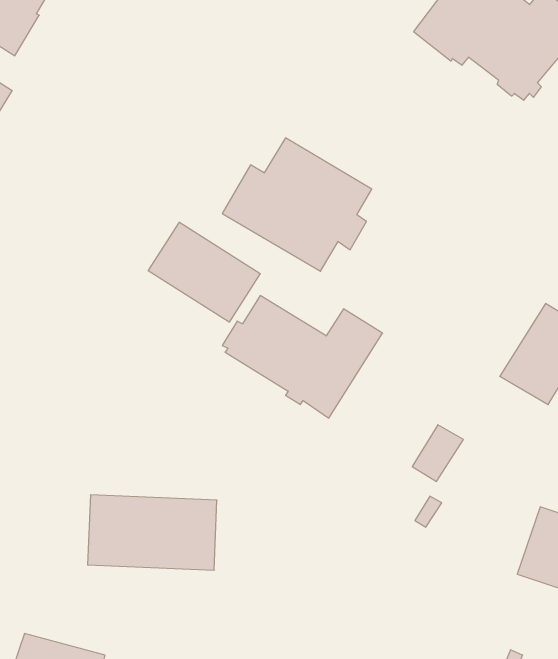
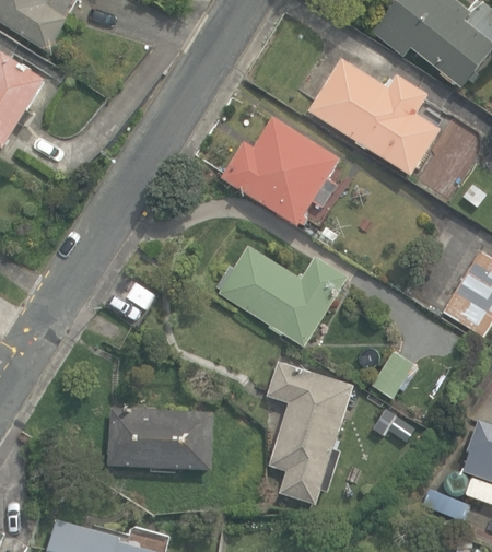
building: none -> [309,59,438,174]
building: [148,222,260,322] -> none
building: none -> [267,362,352,503]

